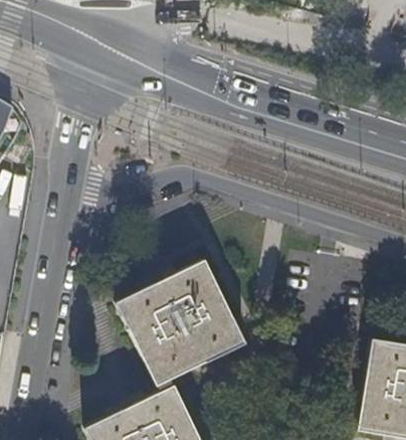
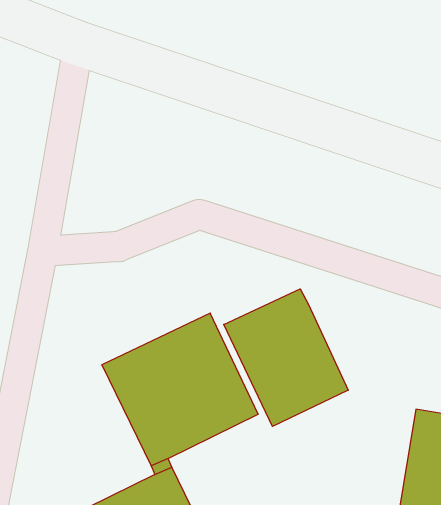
building: none -> [224,289,348,426]

